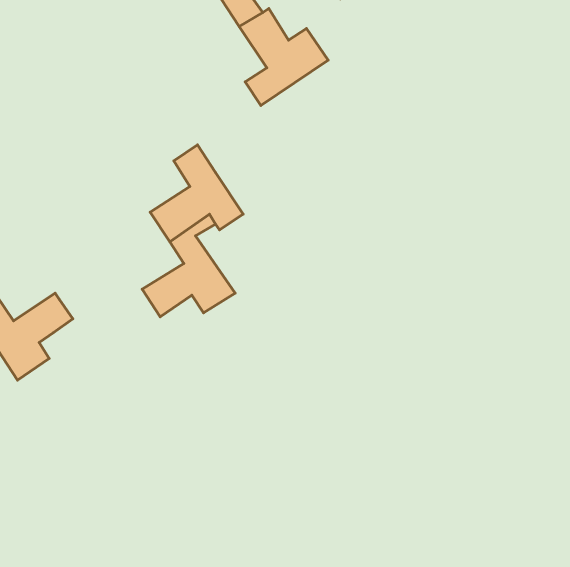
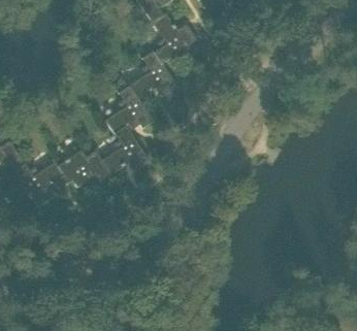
building: none -> [130,49,177,98]
building: none -> [55,148,110,188]

